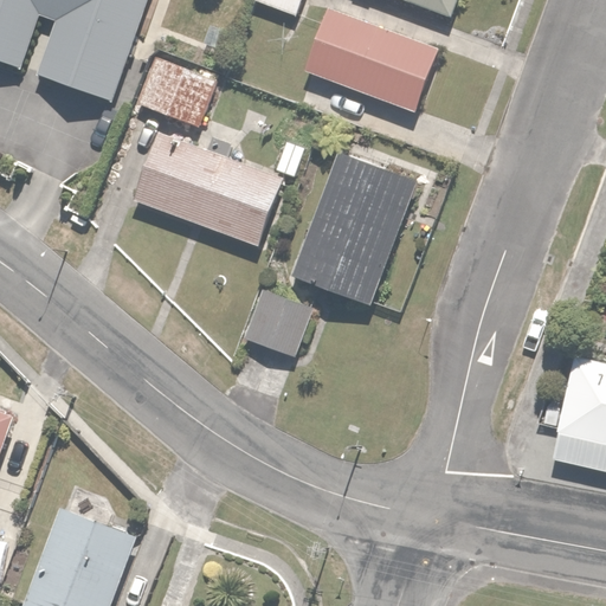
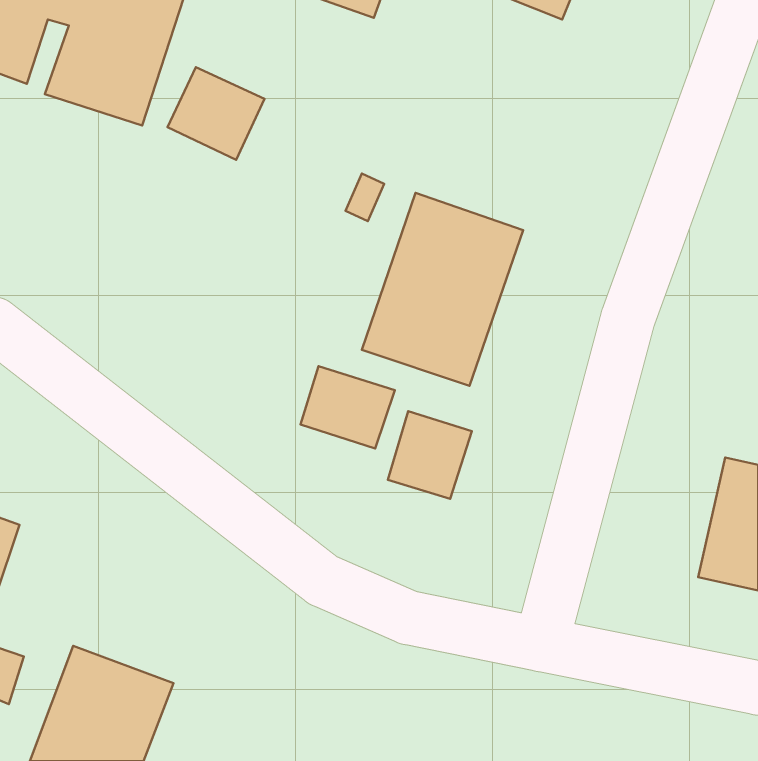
building: [304,9,439,111] -> none
building: [134,129,285,246] -> none
building: none -> [388,411,472,499]

